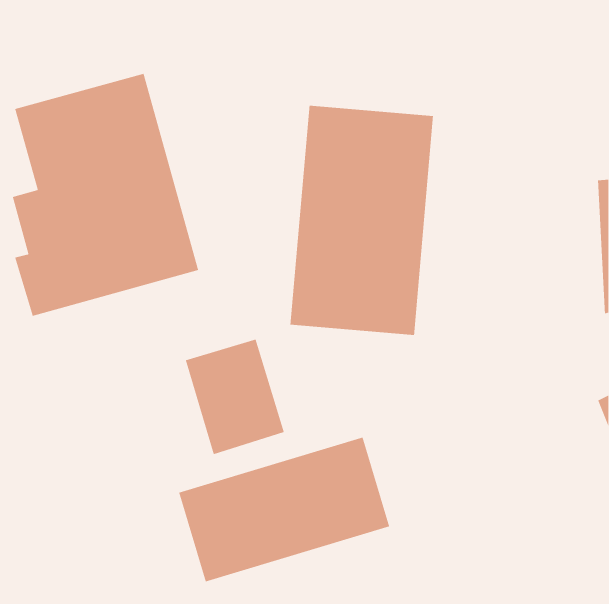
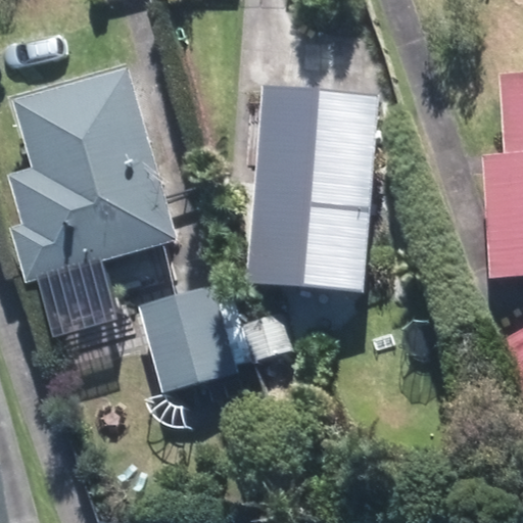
building: [178,437,390,582] -> none

